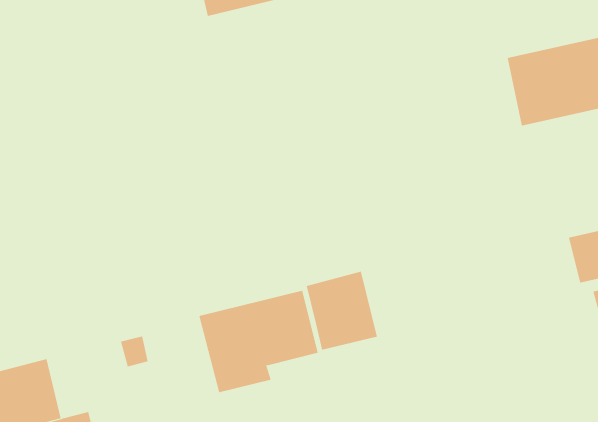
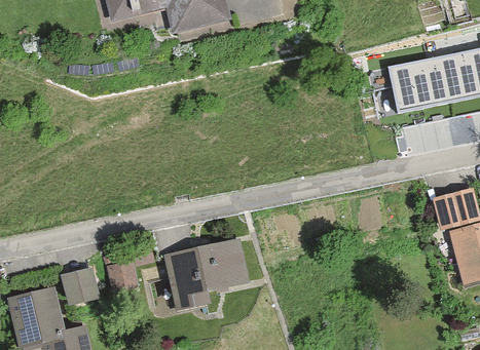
building: [306,271,377,350] -> none
building: none -> [64,264,103,304]

